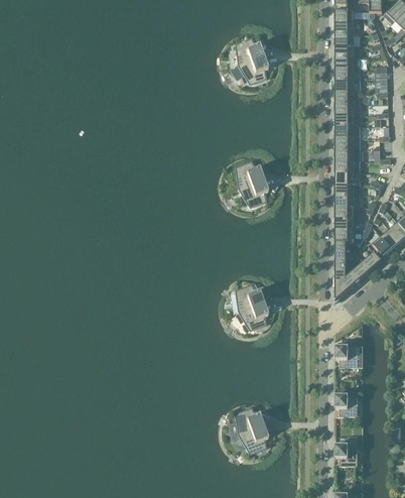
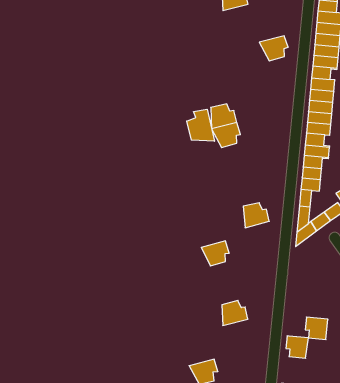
building: [237,56,267,84] -> [259,36,288,61]
building: none -> [187,109,214,141]
building: [234,284,262,312] -> [243,203,269,228]
building: [334,346,357,367] -> [305,317,328,340]
building: [234,407,262,434] -> [222,300,248,325]

